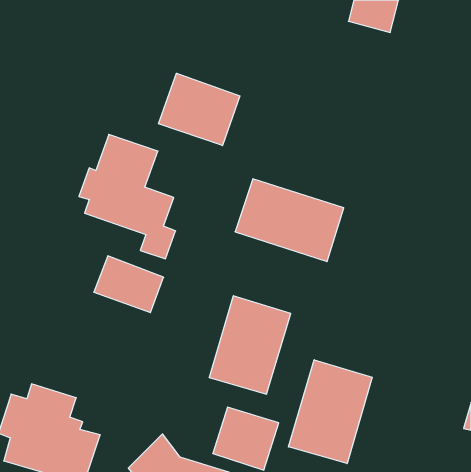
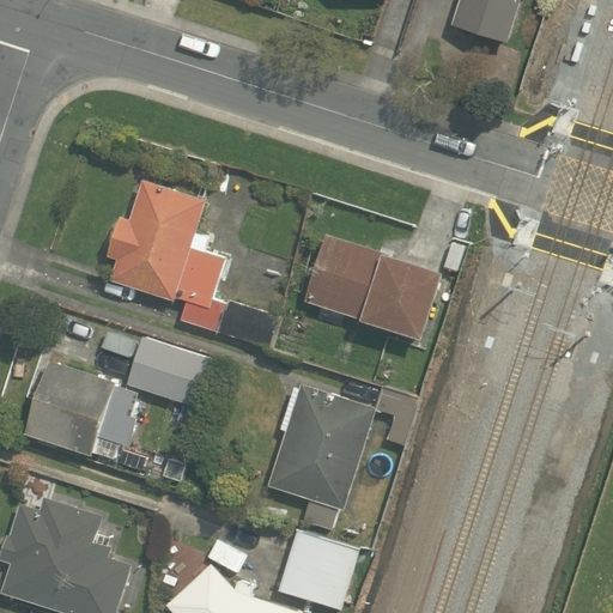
building: [159,73,240,146] -> none
building: none -> [23,360,114,457]
building: [288,360,372,464] -> none

